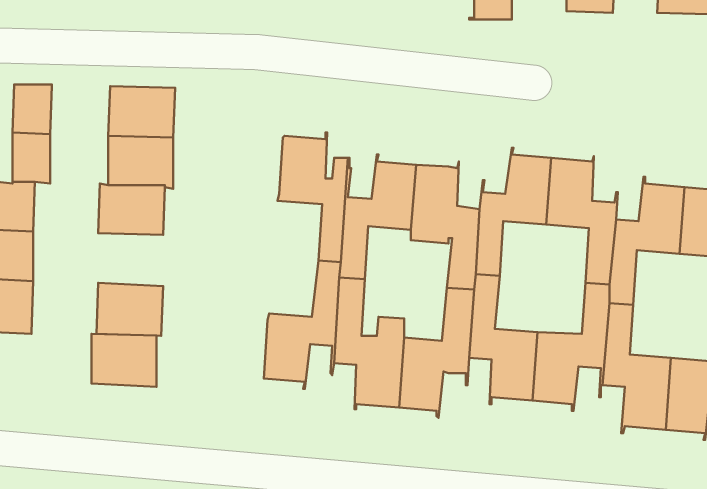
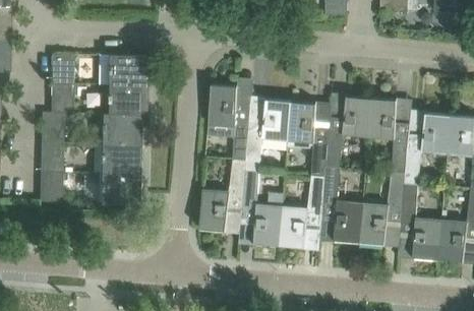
building: [92,334,157,387] -> [102,143,140,175]

